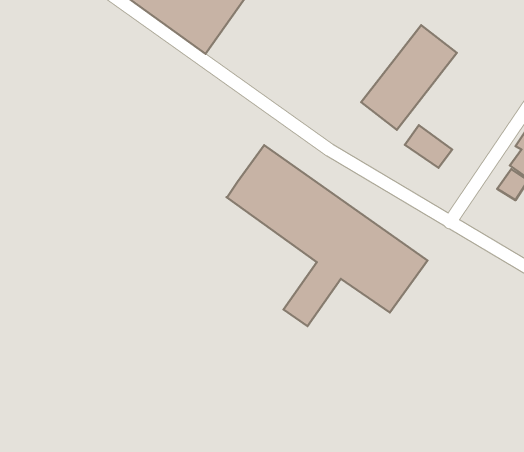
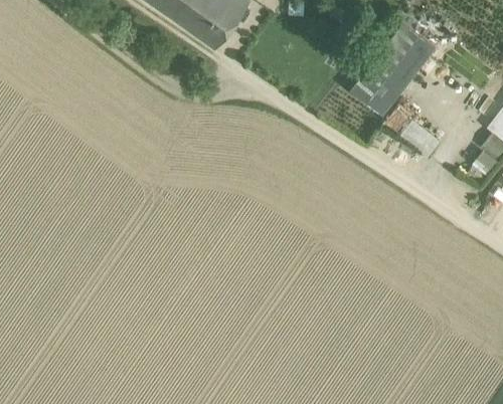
building: [226,145,427,326] -> none

